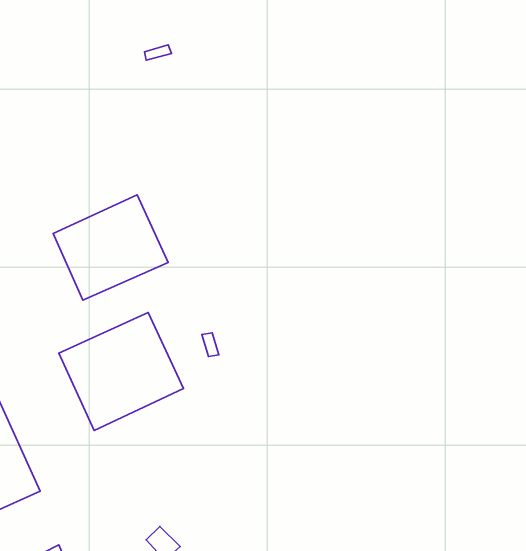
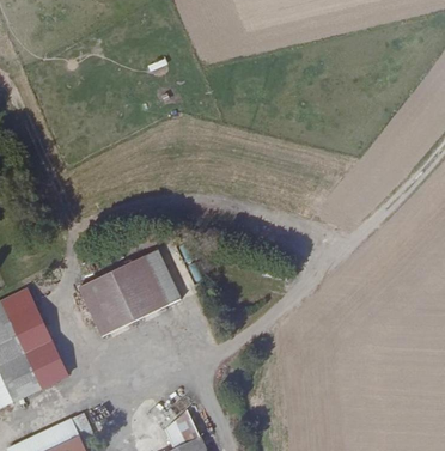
building: [53,195,168,300] -> none

